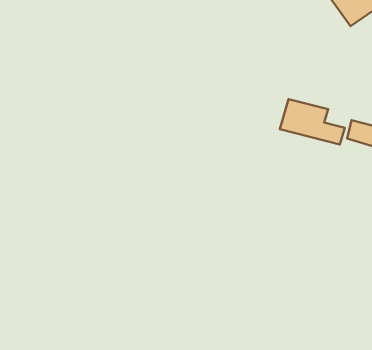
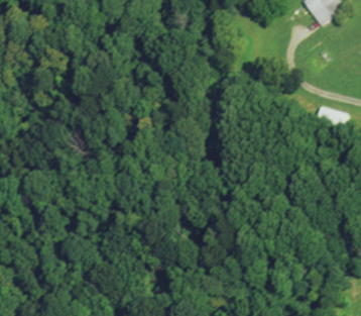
building: [280,99,345,145] -> none

